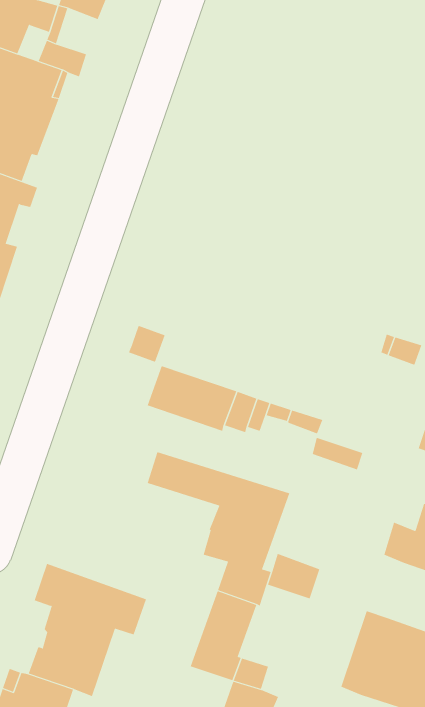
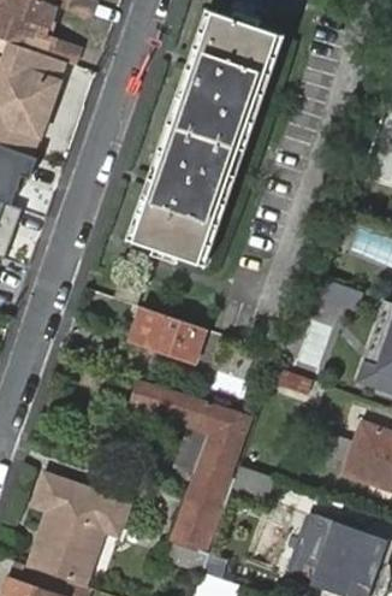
building: none -> [133,11,277,262]

